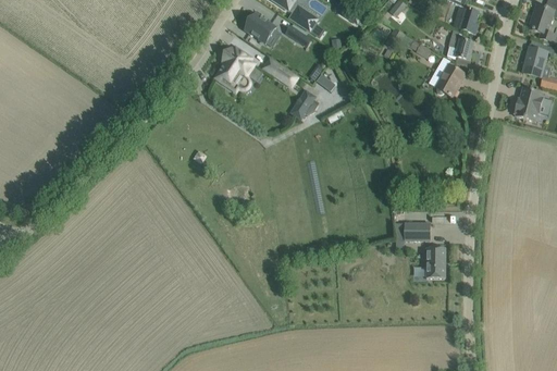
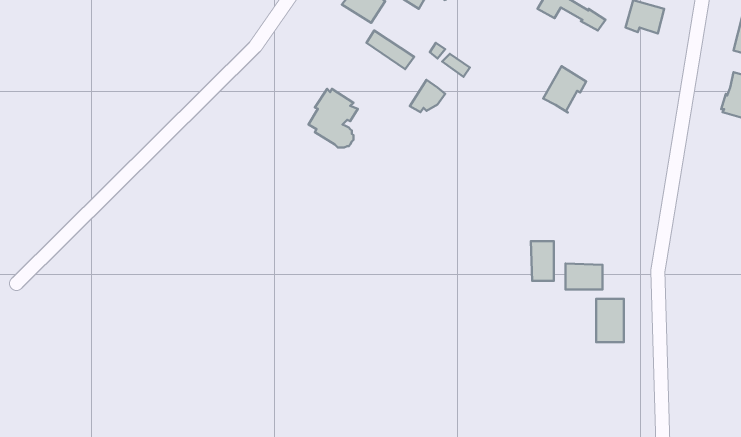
building: [219,48,253,89] -> [309,89,358,148]
building: [434,63,465,96] -> [543,66,586,112]
building: none -> [531,241,554,281]

